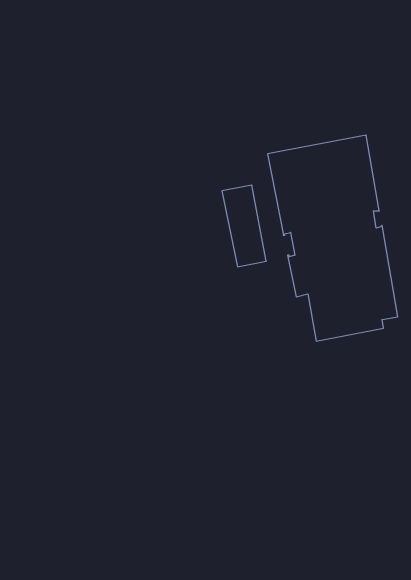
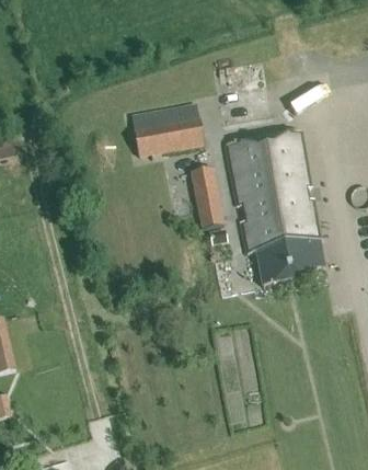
building: none -> [134,115,203,156]

